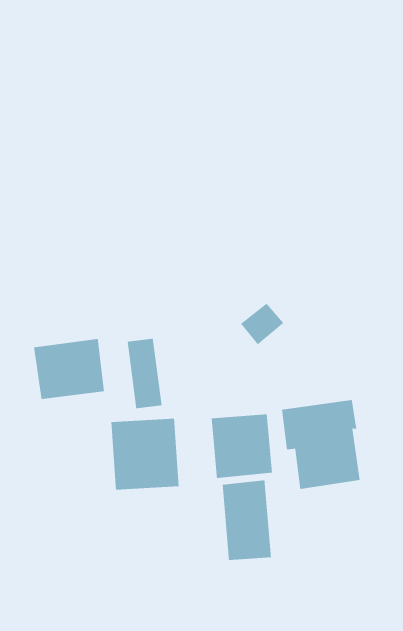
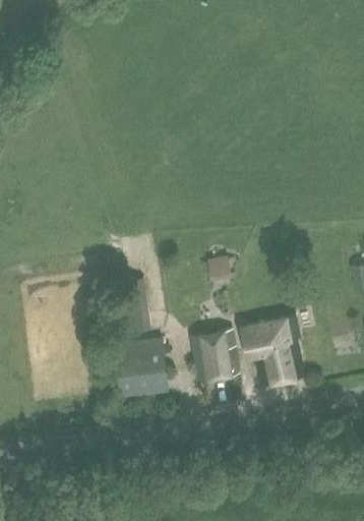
building: [33,338,105,400] -> none
building: [222,480,271,561] -> none

